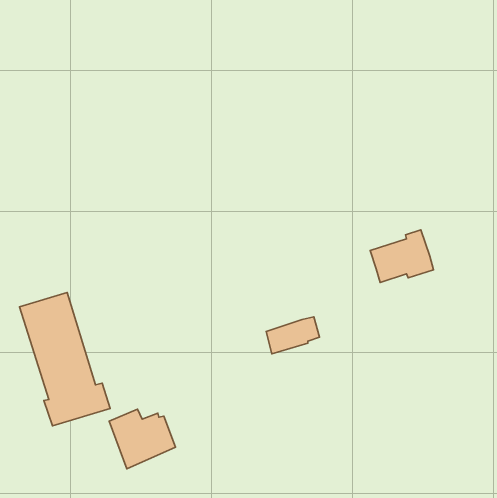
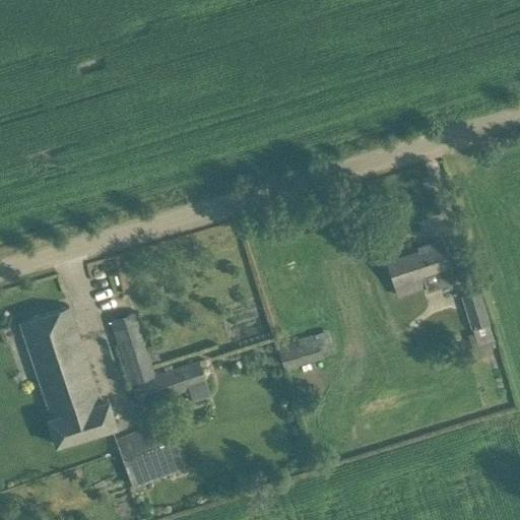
building: none -> [462,291,494,351]
building: none -> [110,312,208,404]

